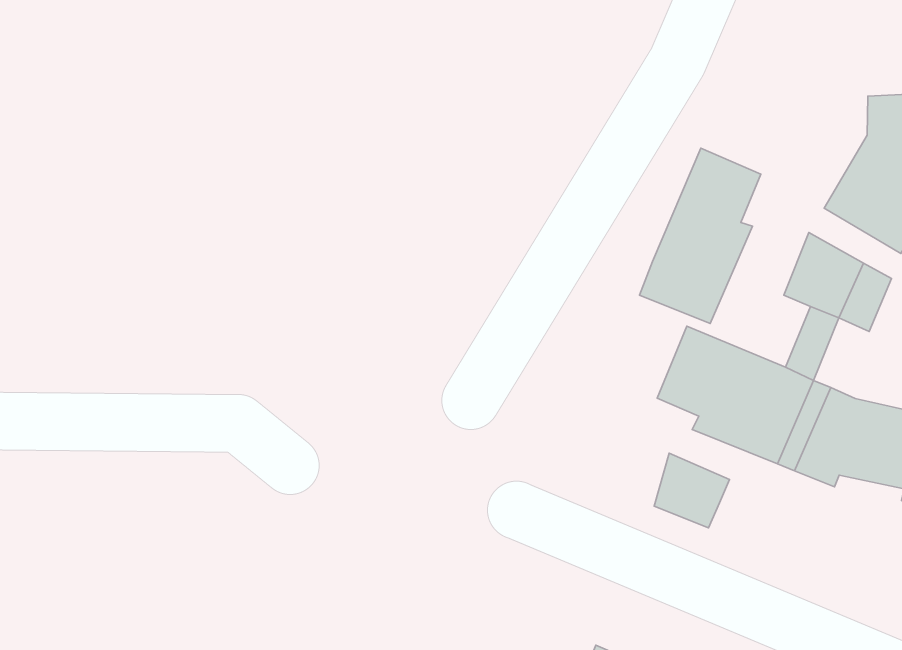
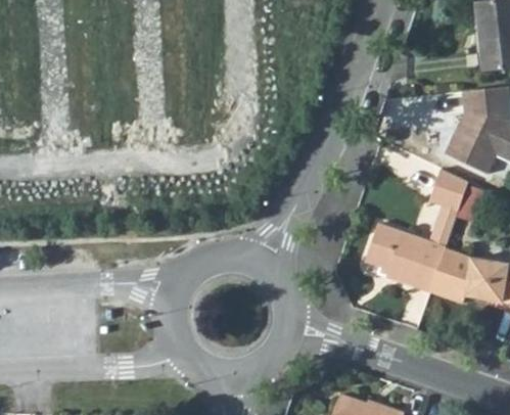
building: [640,148,761,324] -> none
building: [654,453,729,528] -> none

